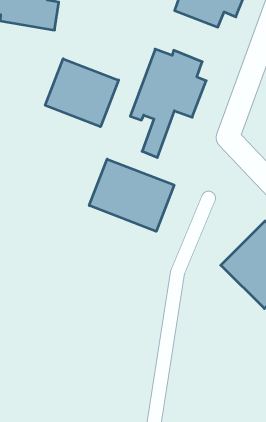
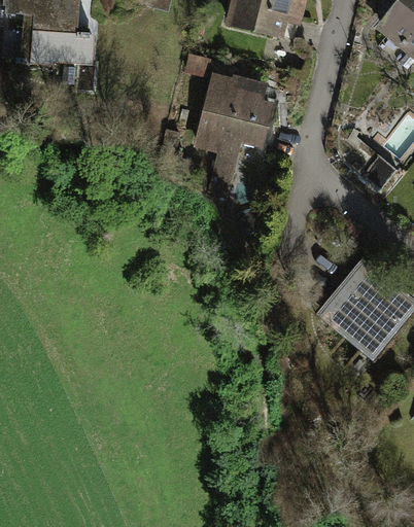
building: [45,59,119,127] -> none
building: [89,159,174,231] -> none

